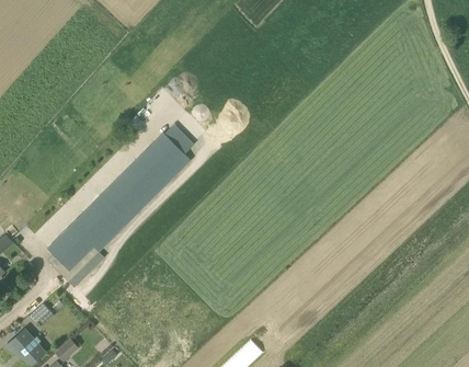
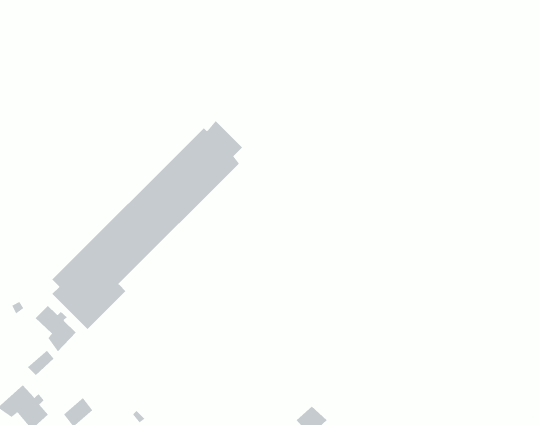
building: none -> [35,305,77,352]

